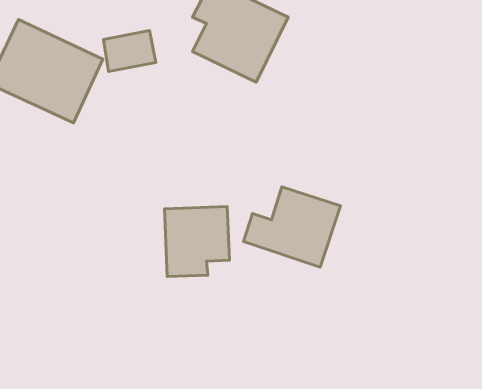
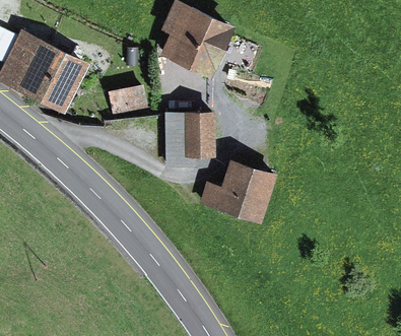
building: [104,31,156,71] -> [105,85,146,118]
building: [164,206,230,277] -> [164,112,216,167]

